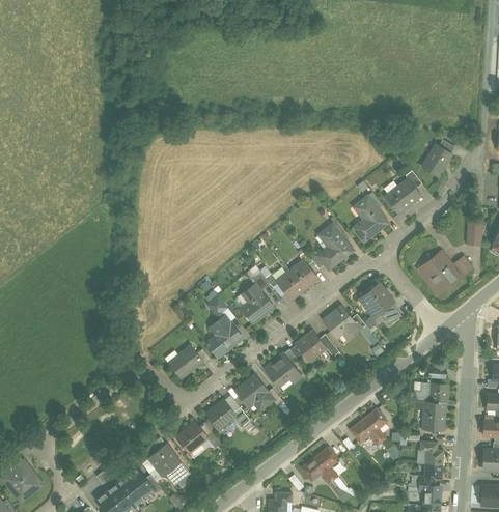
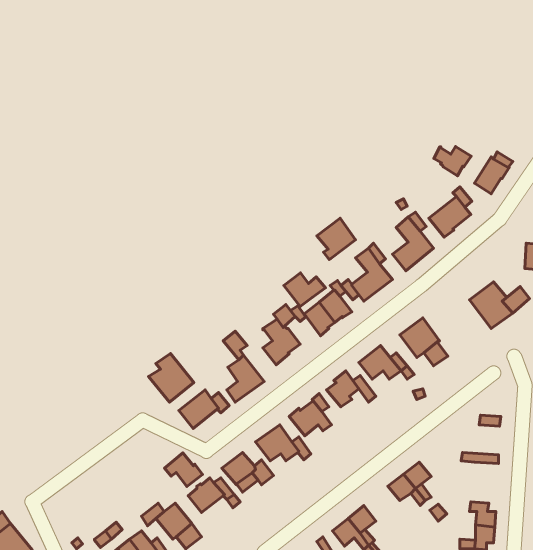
building: none -> [434,146,471,176]
building: none -> [317,218,356,259]
building: none -> [284,273,326,307]
building: none -> [148,353,194,402]
building: [413,382,447,402] -> none
building: none -> [165,453,202,486]
building: [422,408,444,429] -> none

